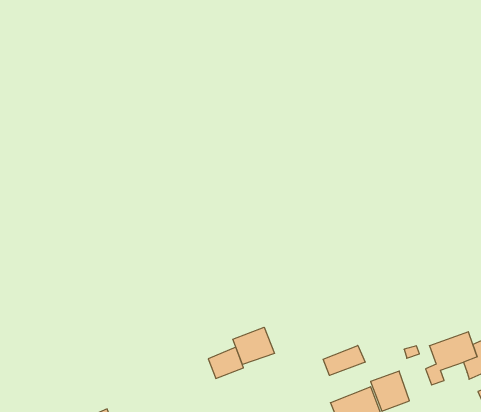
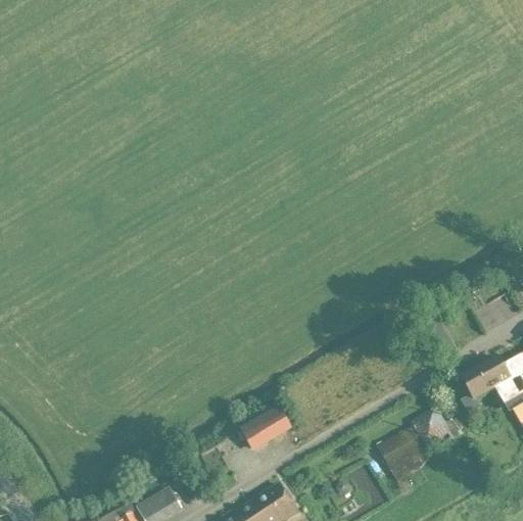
building: [233,327,275,364] -> none
building: [323,345,365,375] -> none

